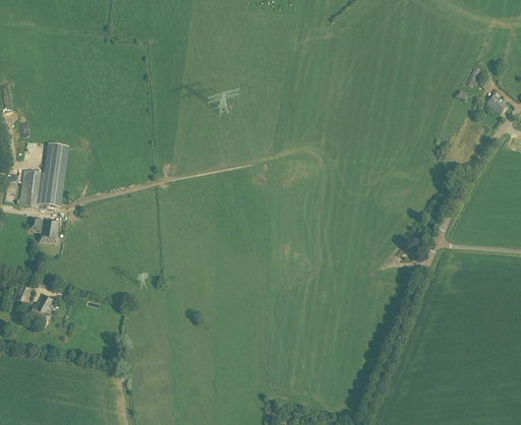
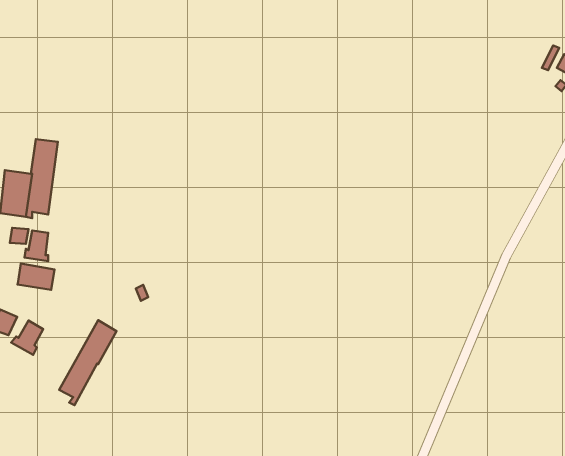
building: none -> [17,264,54,290]
building: none -> [59,320,116,405]

